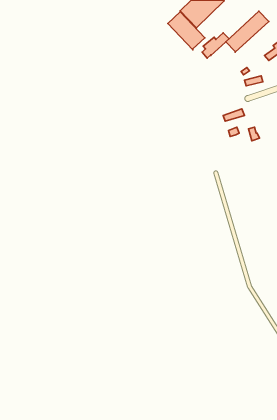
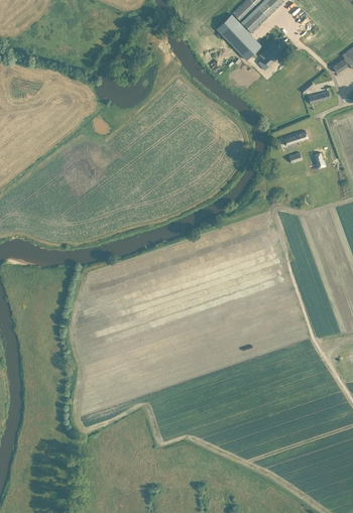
building: [226,11,269,52] -> none

